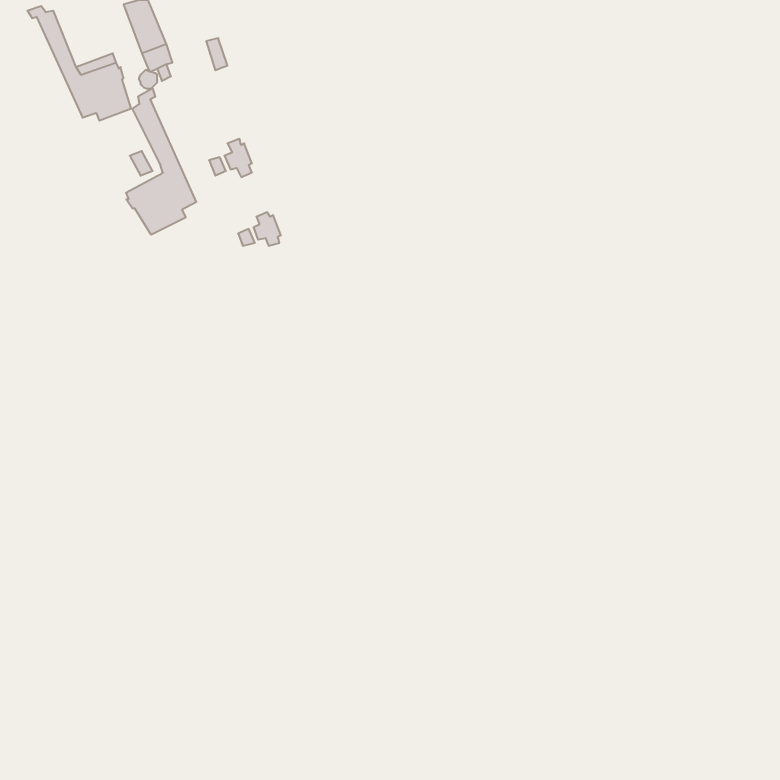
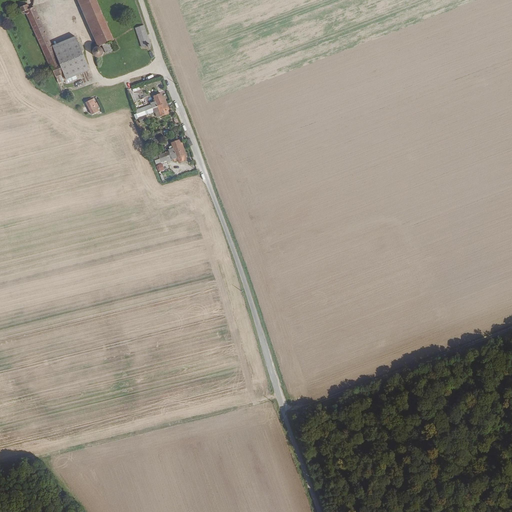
building: [126,88,196,235] -> none

